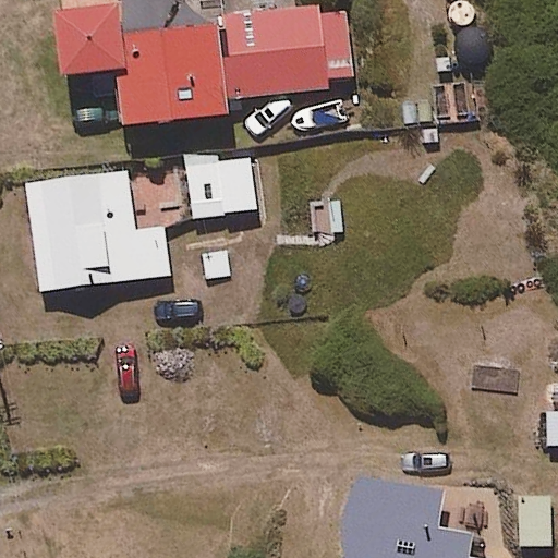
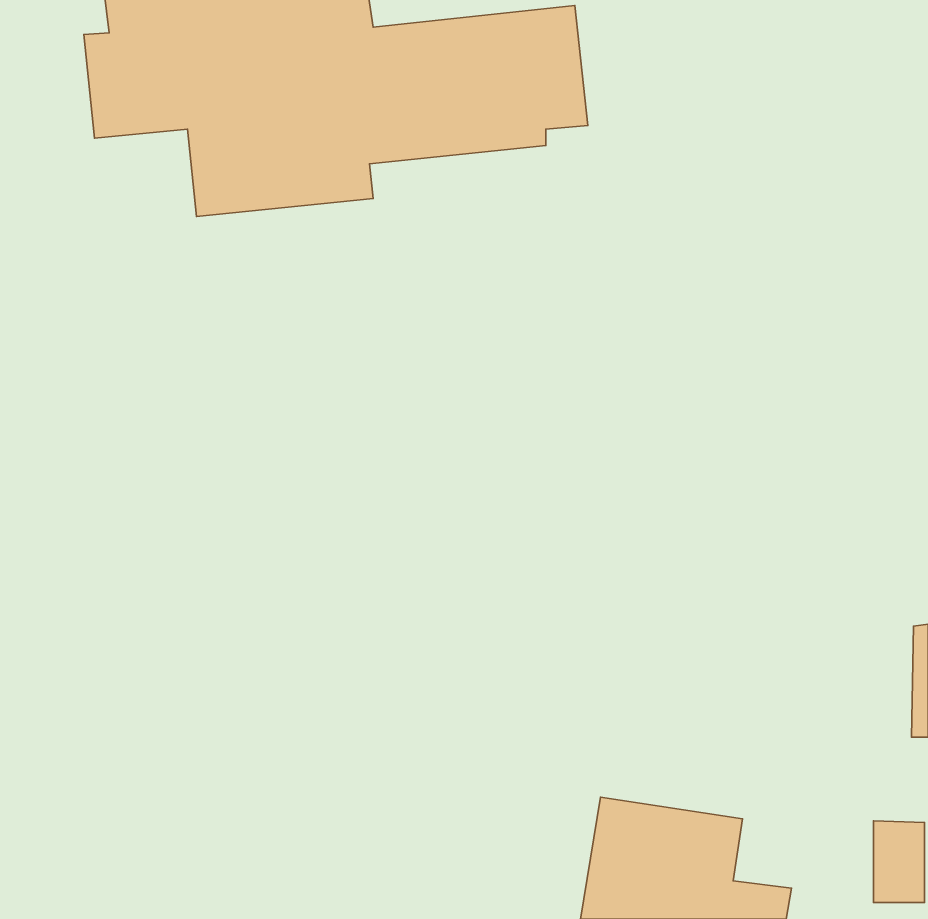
building: [186,151,254,214] -> none
building: [25,170,169,291] -> none

